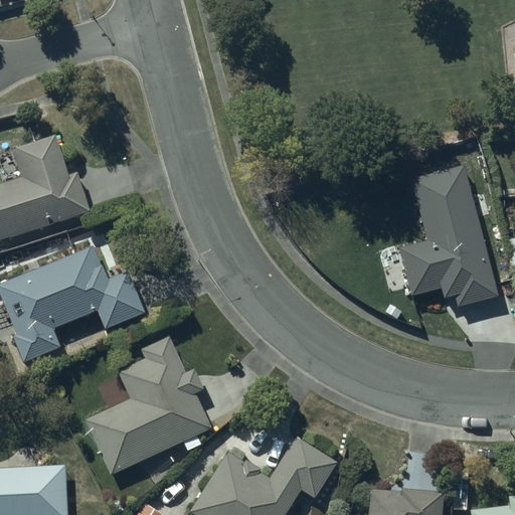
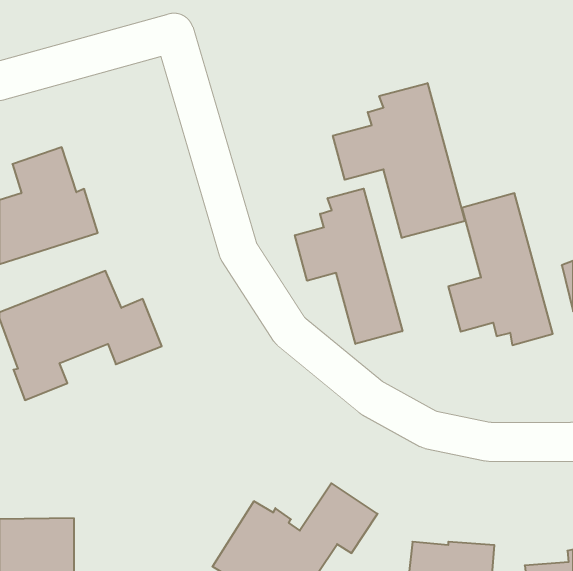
building: none -> [333,83,465,238]
building: none -> [295,189,402,344]
building: [83,336,212,475] -> none

